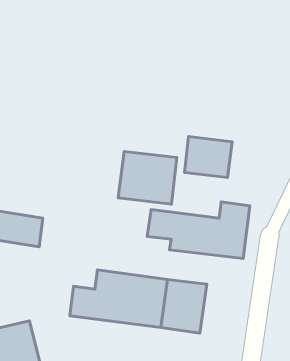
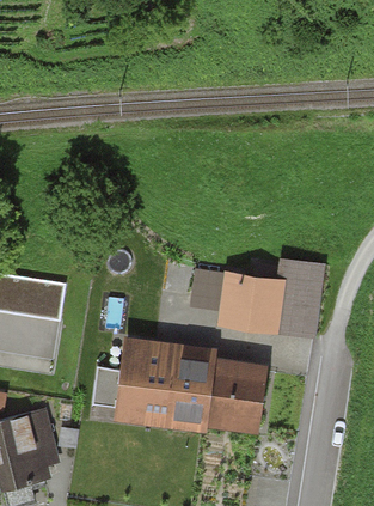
building: [185,137,232,177] -> none
building: [118,151,177,204] -> none

